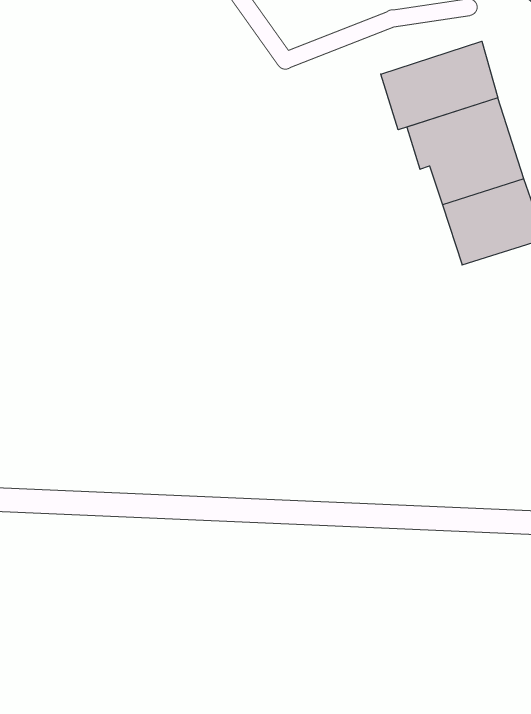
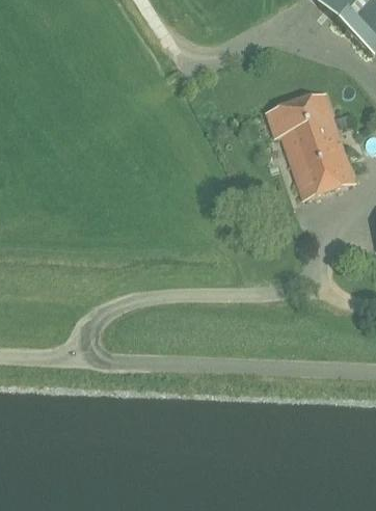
building: [381,41,498,130] -> none

